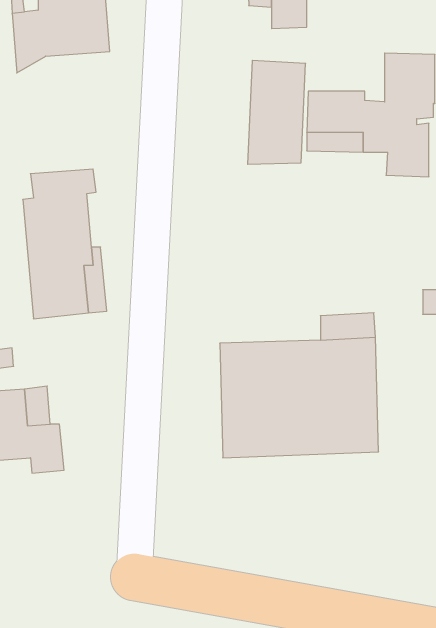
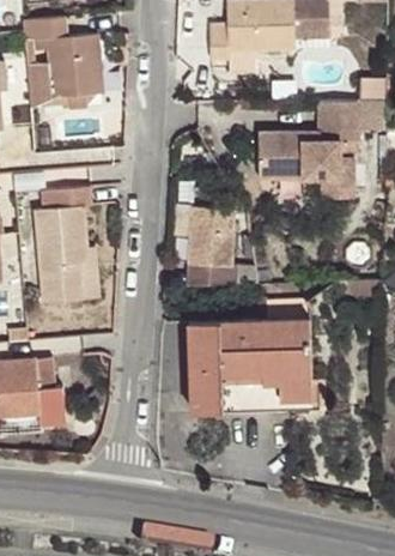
building: [248,60,306,164] -> [189,206,235,288]

